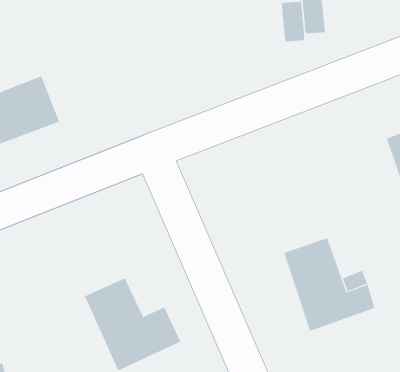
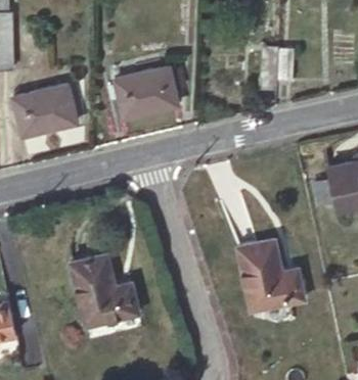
building: none -> [116,66,179,117]

